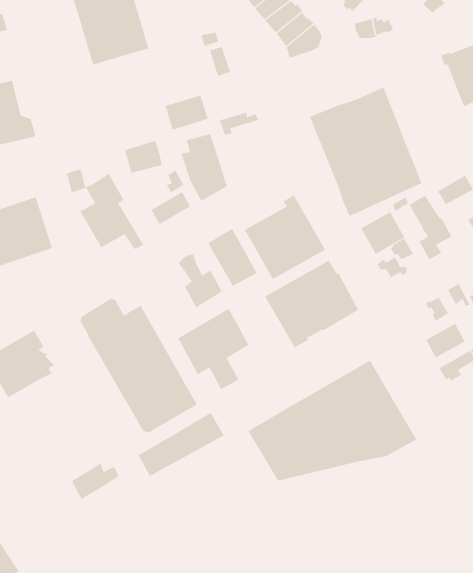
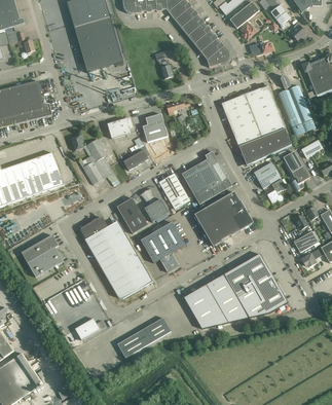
building: none -> [278,76,315,136]
building: [165,94,208,130] -> none
building: none -> [116,197,148,233]
building: [138,412,224,477] -> [117,317,171,357]

